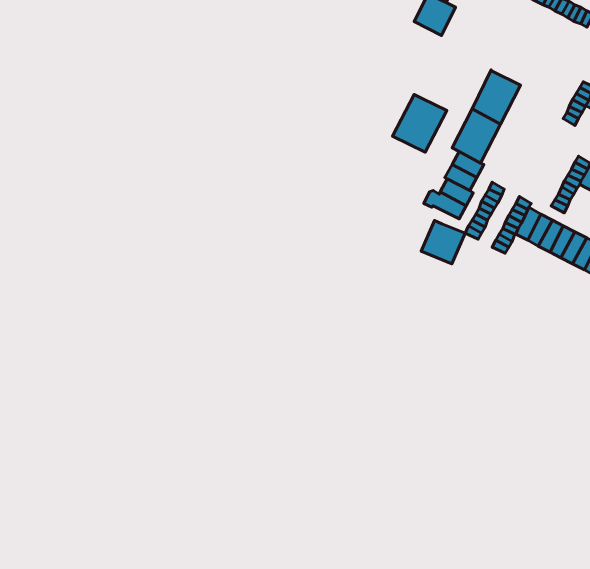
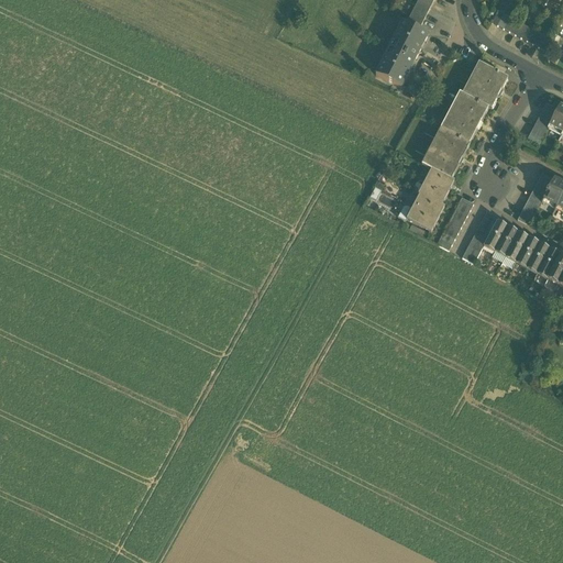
building: none -> [376,45,415,84]
building: none -> [462,59,507,106]
building: [393,94,447,152] -> none
building: [421,220,465,264] -> none

